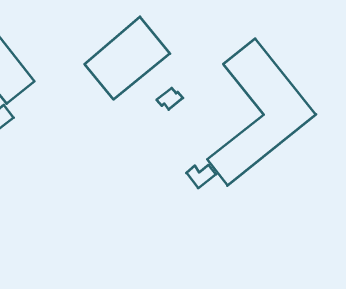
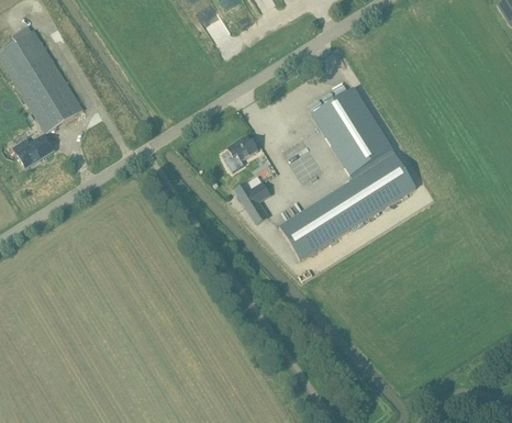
building: [85,17,170,99] -> none
building: [186,165,216,188] -> [235,181,270,209]

